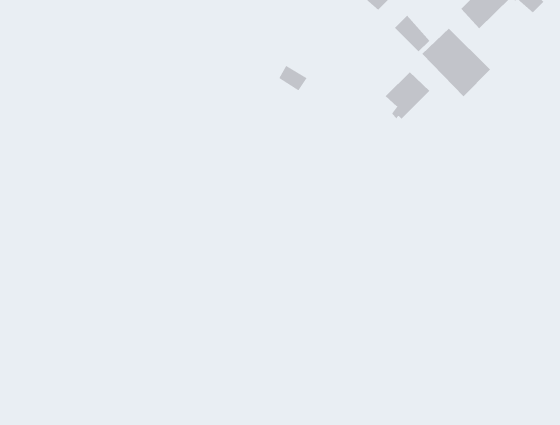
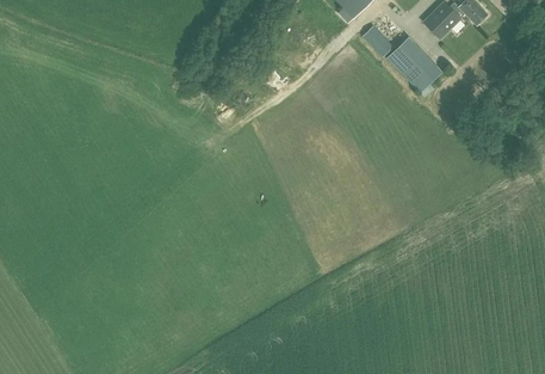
building: [385,71,430,119] -> none

